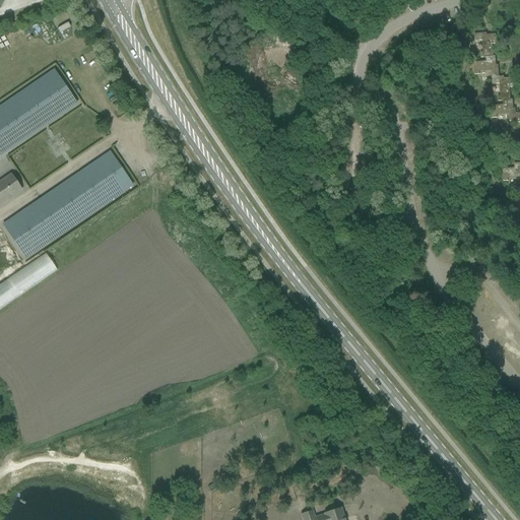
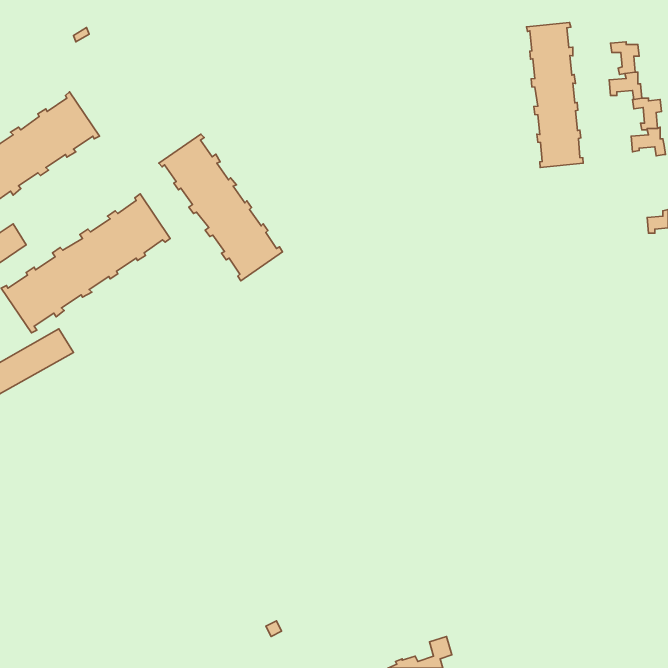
building: none -> [527,22,583,168]
building: none -> [159,134,283,281]

